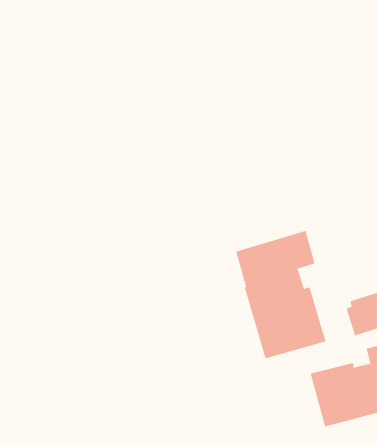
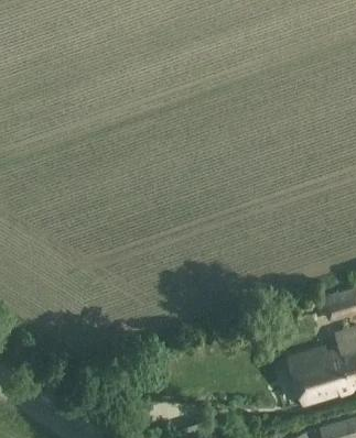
building: [235,230,326,359] -> none

